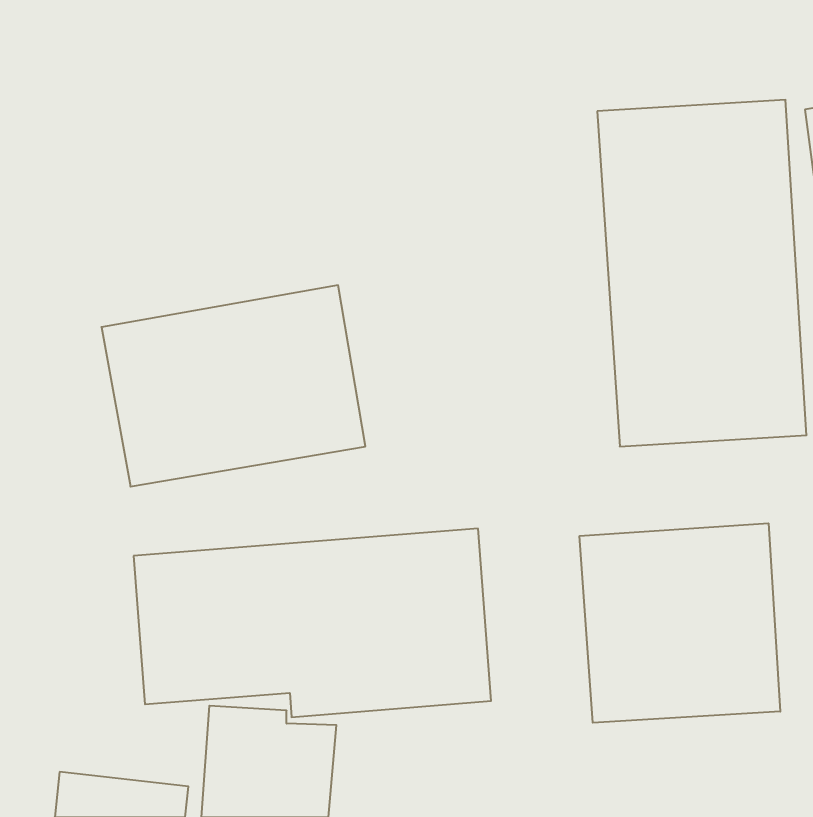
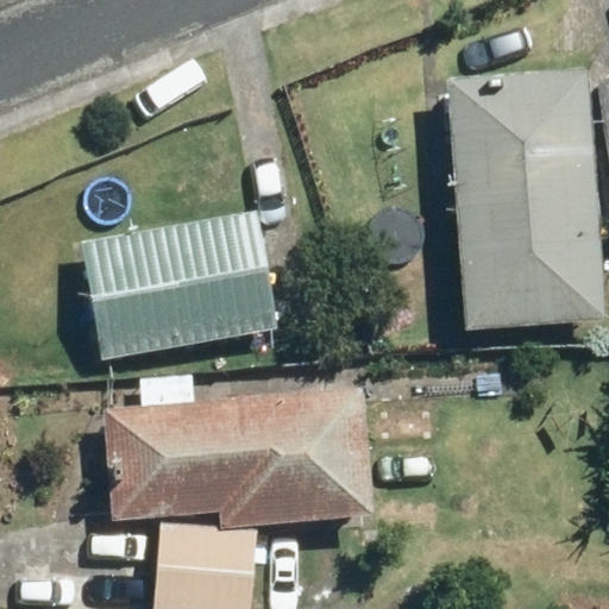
building: [580,523,780,723] -> none

